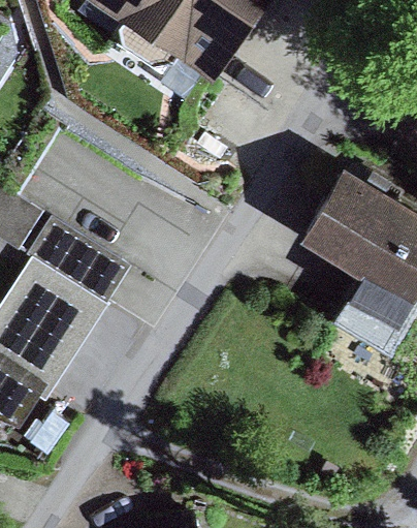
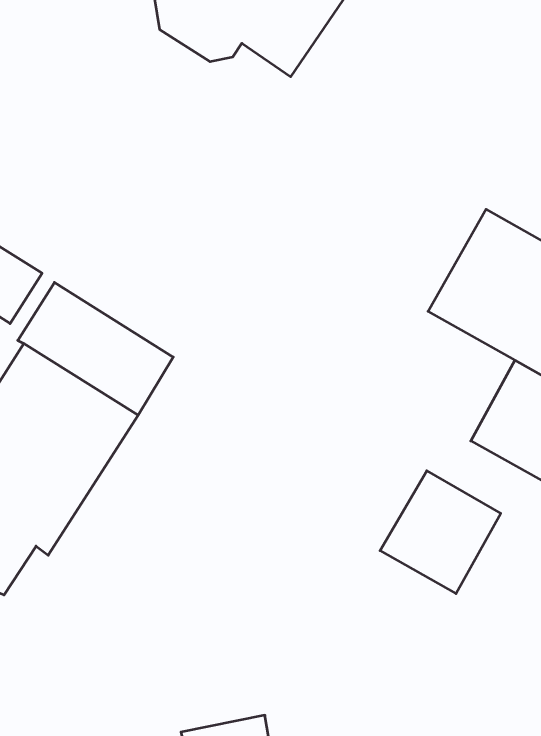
building: none -> [380,471,501,594]

